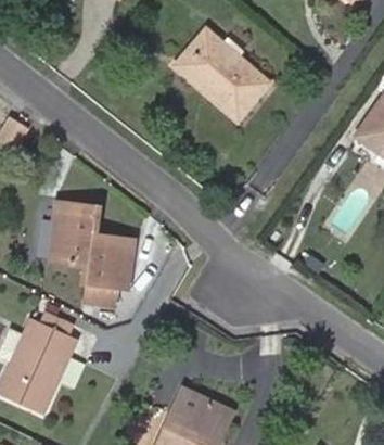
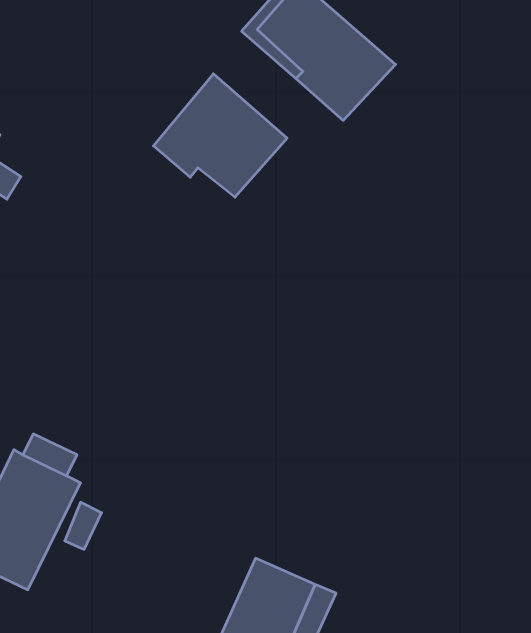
building: none -> [153,74,287,197]
building: [54,204,133,306] -> none

